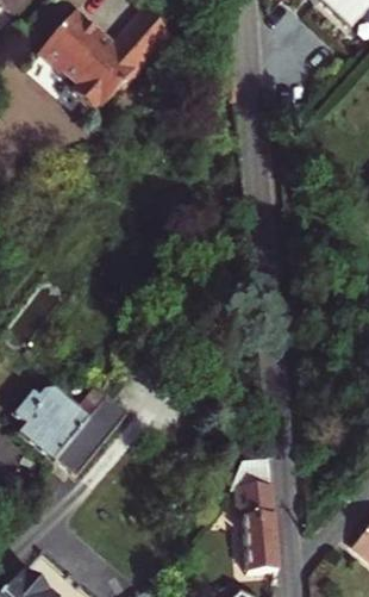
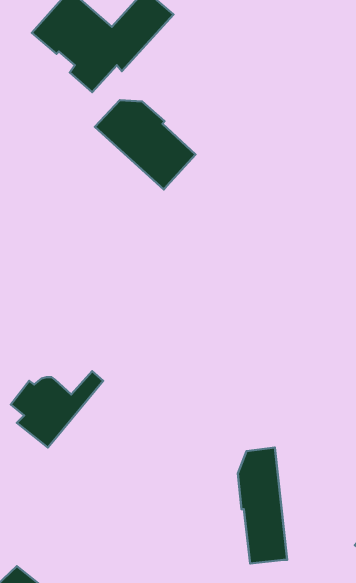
building: none -> [95,100,196,190]
building: [60,390,125,461] -> none

